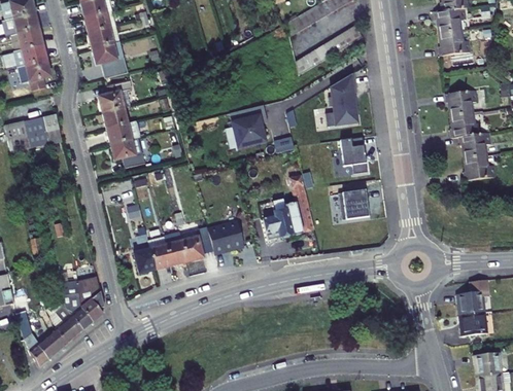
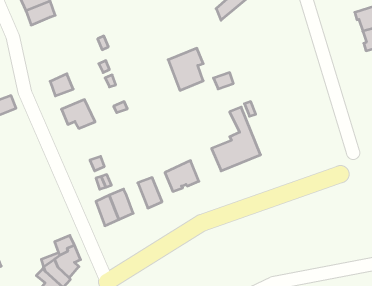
building: [92,41,124,68] -> none
building: [329,69,362,123] -> none
building: [98,79,131,110] -> none
building: [105,120,139,142] -> none
building: [343,134,370,171] -> none
building: [342,187,373,218] -> none
building: [164,235,184,266] -> none

